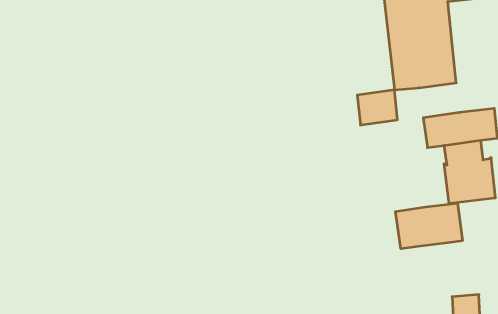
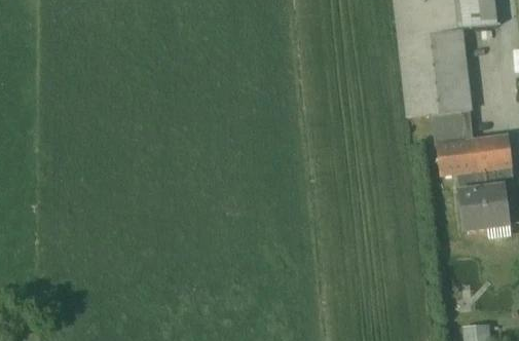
building: [357,90,397,125] -> [433,109,473,144]
building: [395,203,462,249] -> none

